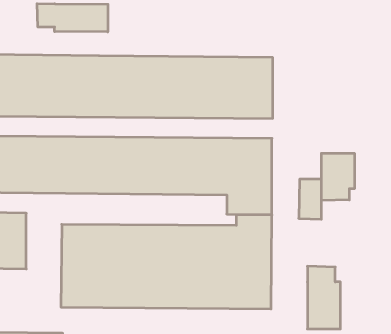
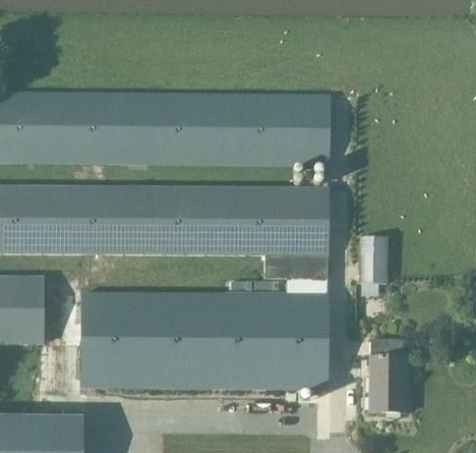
building: [37,4,108,32] -> none
building: [321,153,354,201] -> none

